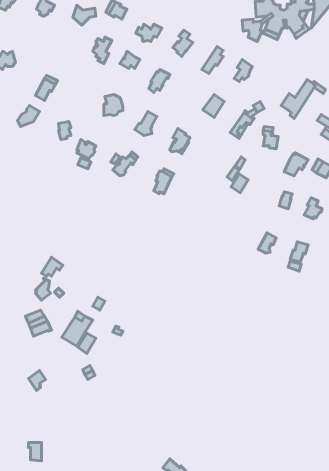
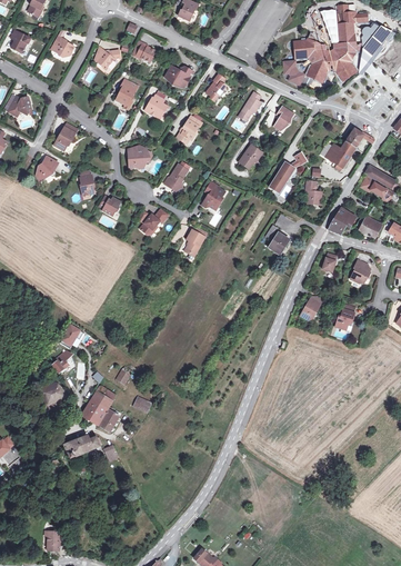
building: none -> [64,433,103,458]

